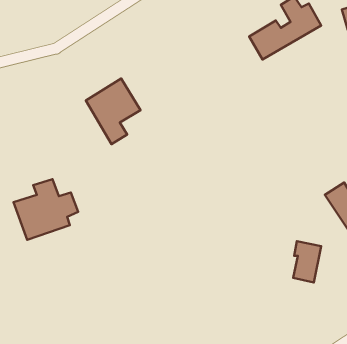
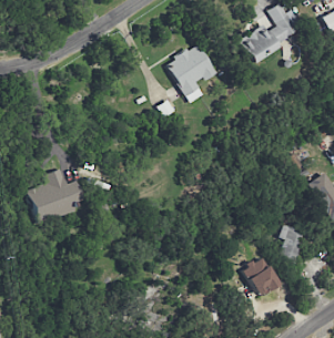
building: [86,78,141,144] -> [165,43,215,103]
building: none -> [241,256,277,296]

